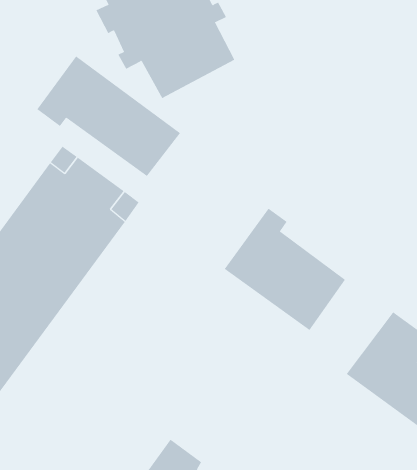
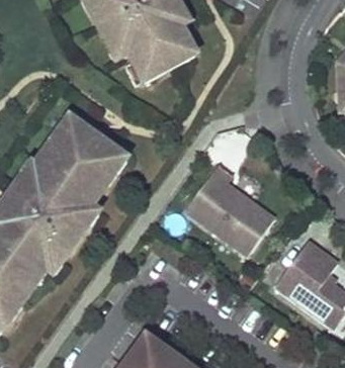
building: [36,56,181,177] -> none

